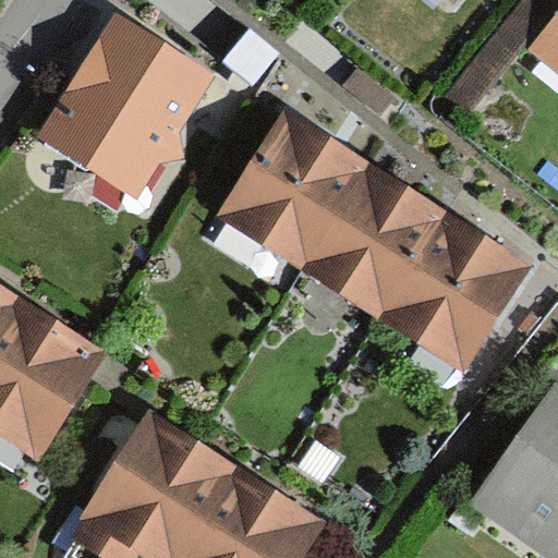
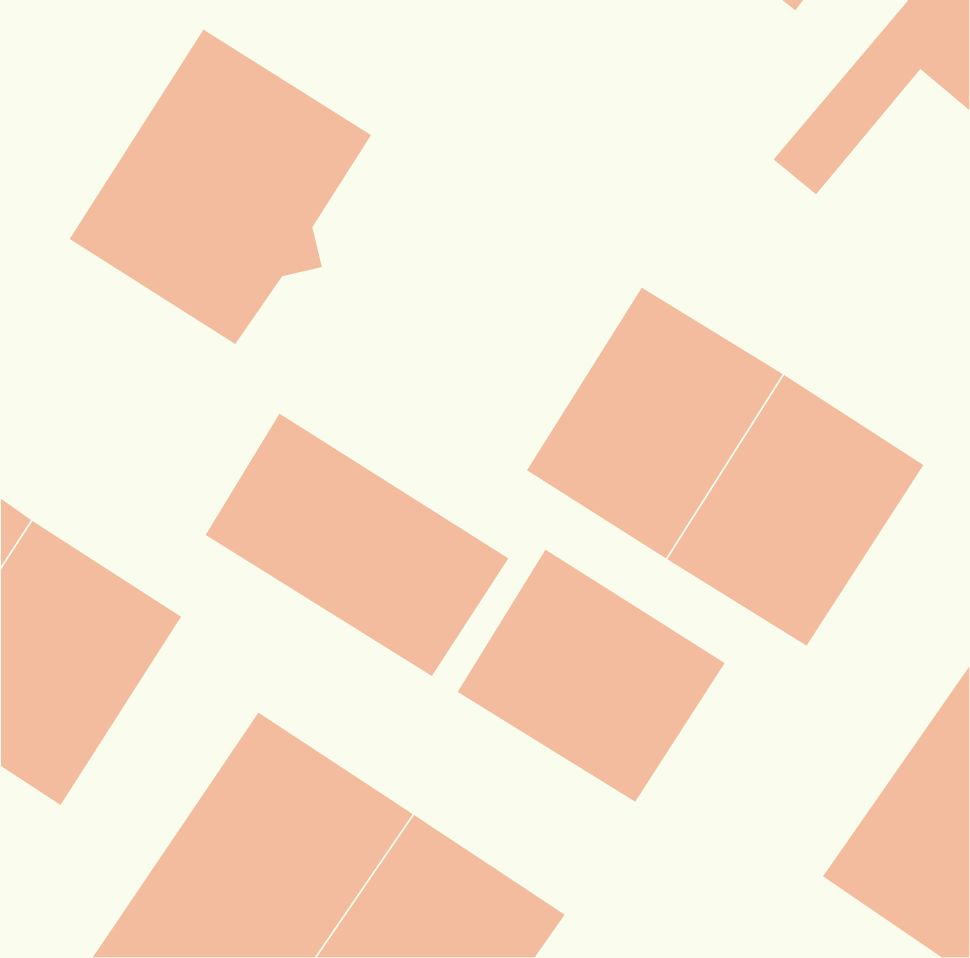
building: [219,112,368,270] -> none
building: none -> [204,412,509,677]
building: none -> [456,549,726,803]

